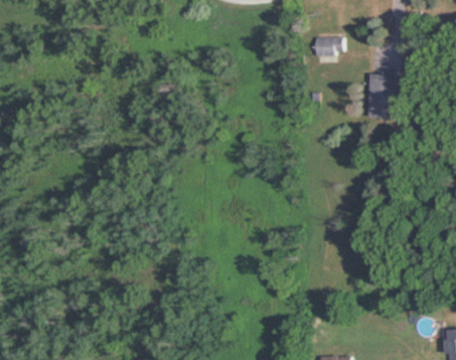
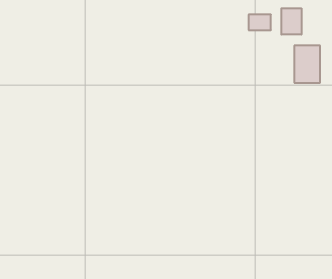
building: none -> [281,8,301,35]

